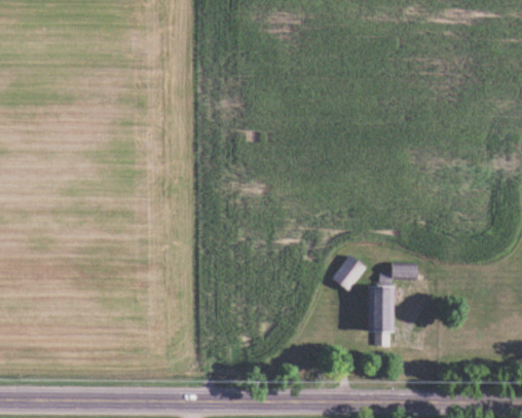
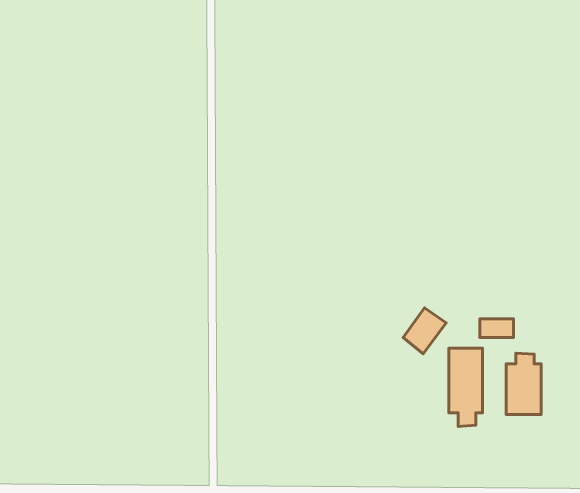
building: none -> [506,353,541,414]

